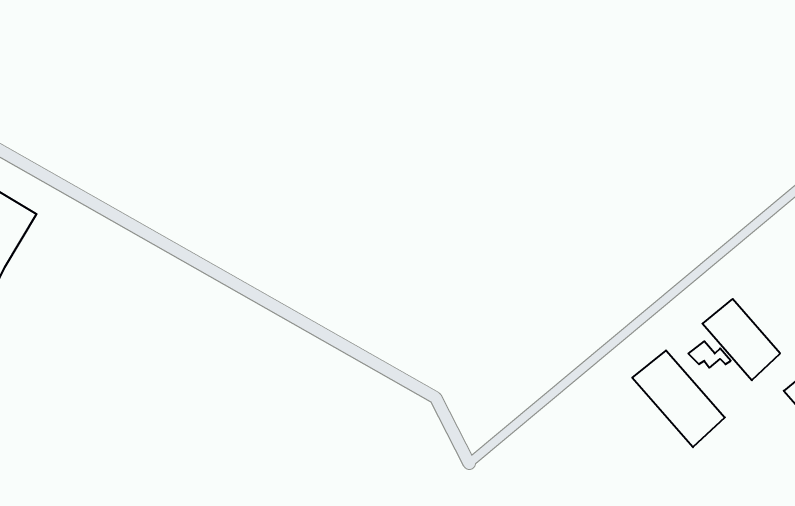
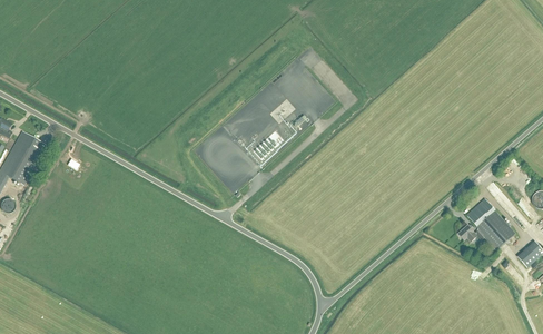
building: [632,350,725,447] -> none

